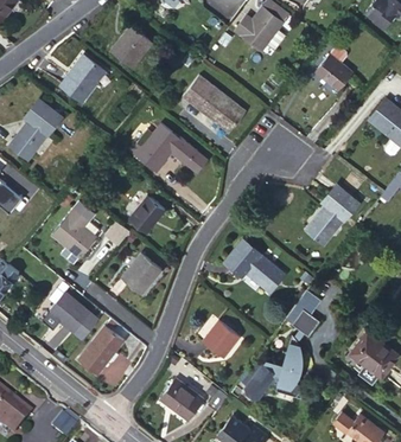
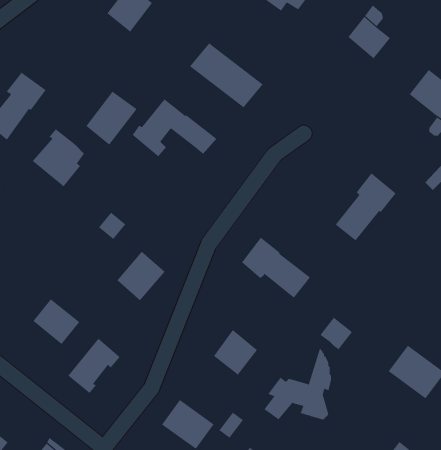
building: [61,56,104,102] -> [86,91,137,145]
building: [128,196,165,233] -> none
building: [52,209,97,258] -> [32,129,85,187]

